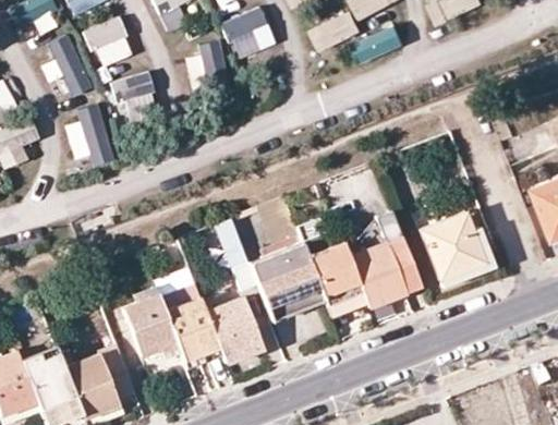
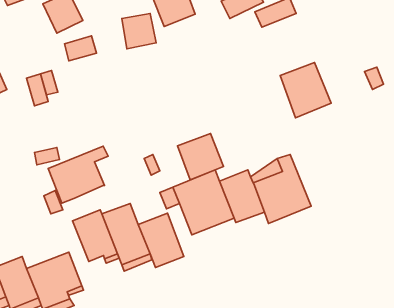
building: [40,34,92,97] -> none
building: none -> [178,133,224,180]
building: [417,210,482,280] -> [280,63,331,118]
building: none -> [48,146,108,203]

